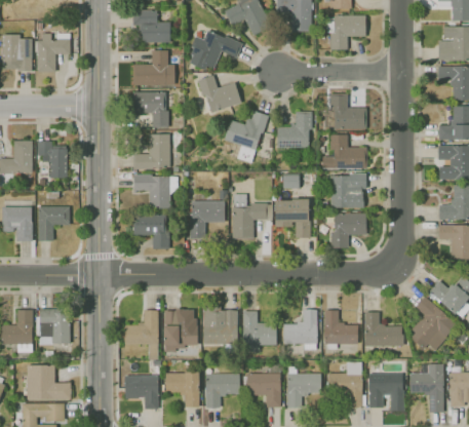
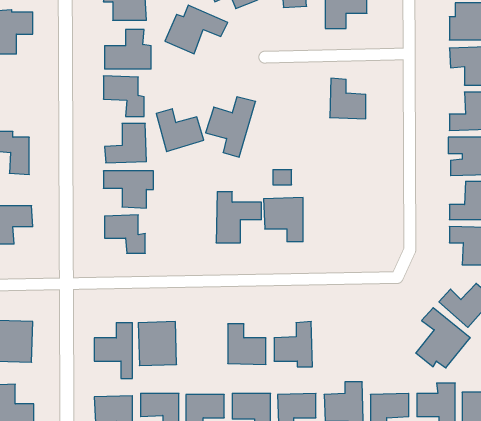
building: [199,75,241,113] -> [156,109,204,152]
building: [276,111,310,148] -> none
building: [322,134,366,168] -> none
building: [329,174,365,208] -> none
building: [189,200,225,238] -> none
building: [333,214,365,248] -> none
building: [202,310,237,344] -> none
building: [324,310,357,344] -> none
building: [364,311,402,346] -> none

